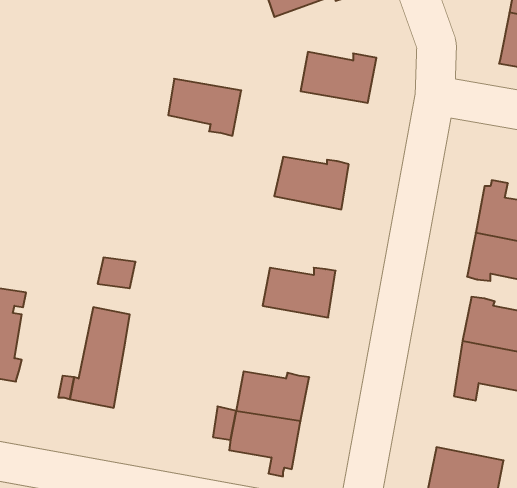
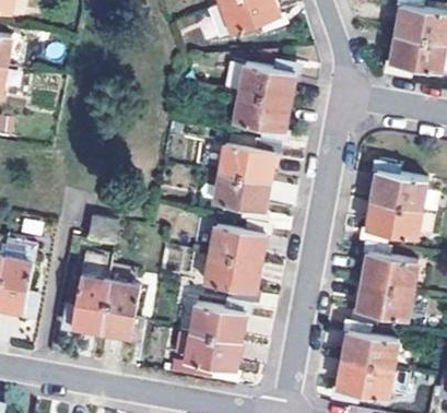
building: [168,79,241,136] -> [235,94,290,137]
building: none -> [213,173,270,215]
building: none -> [205,255,260,297]
building: none -> [99,281,139,337]
building: none -> [341,321,397,370]

